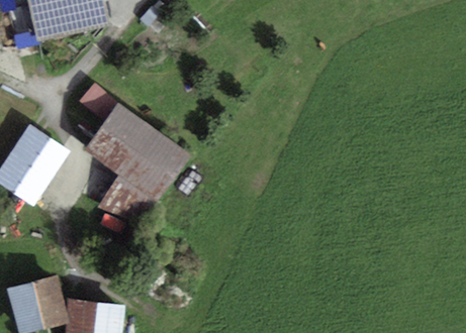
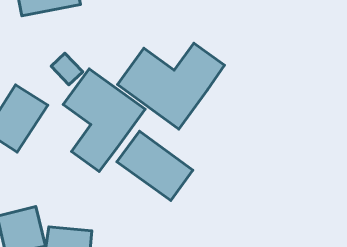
building: none -> [117,43,225,129]
building: none -> [117,131,193,201]

